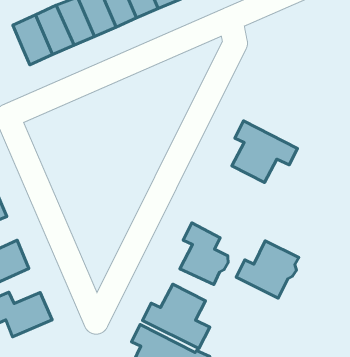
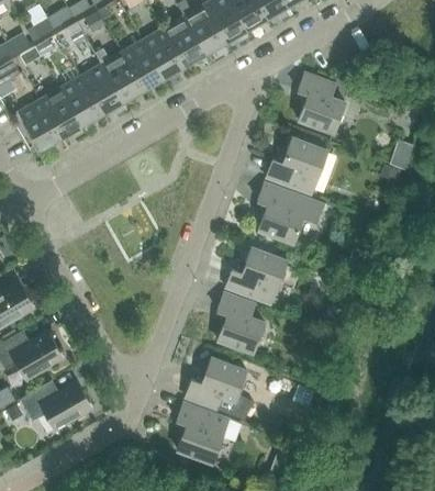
building: none -> [298,72,346,133]
building: none -> [266,137,328,194]
building: [236,241,299,298] -> [226,247,288,304]

